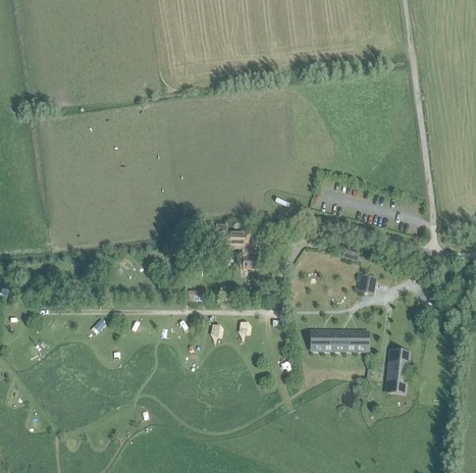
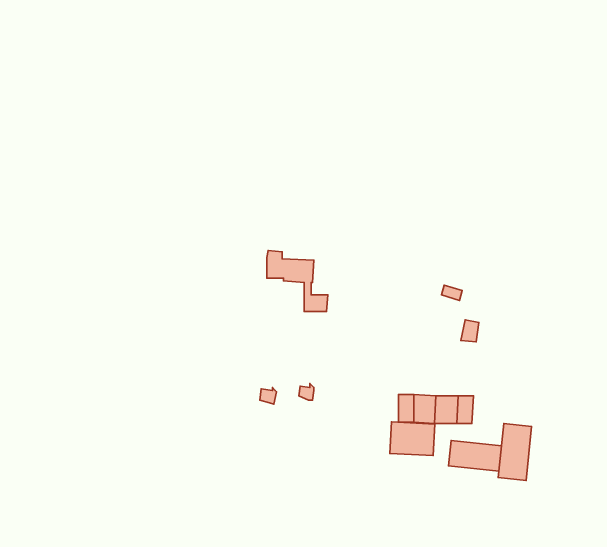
building: none -> [390,422,435,456]
building: none -> [449,441,502,471]

